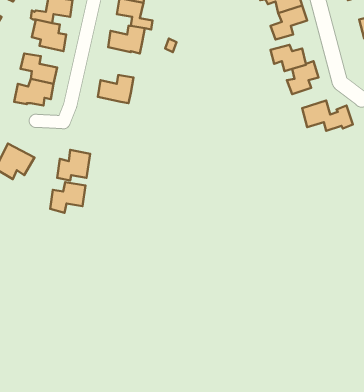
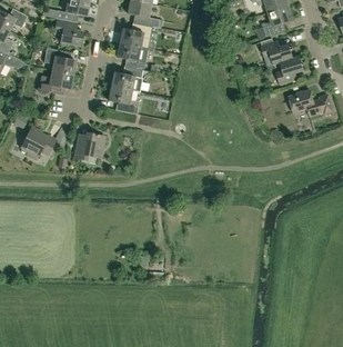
building: none -> [115,42,144,70]
building: none -> [107,86,138,113]
building: [50,182,86,213] -> none

